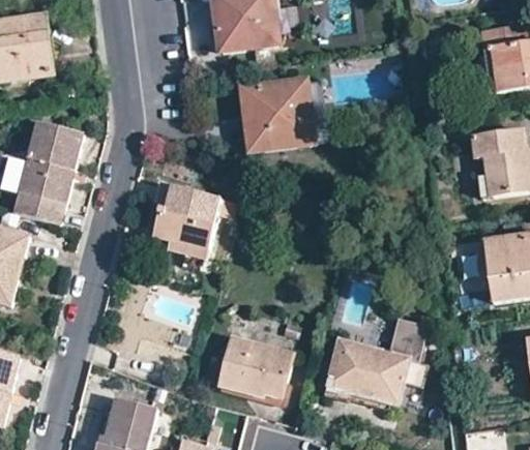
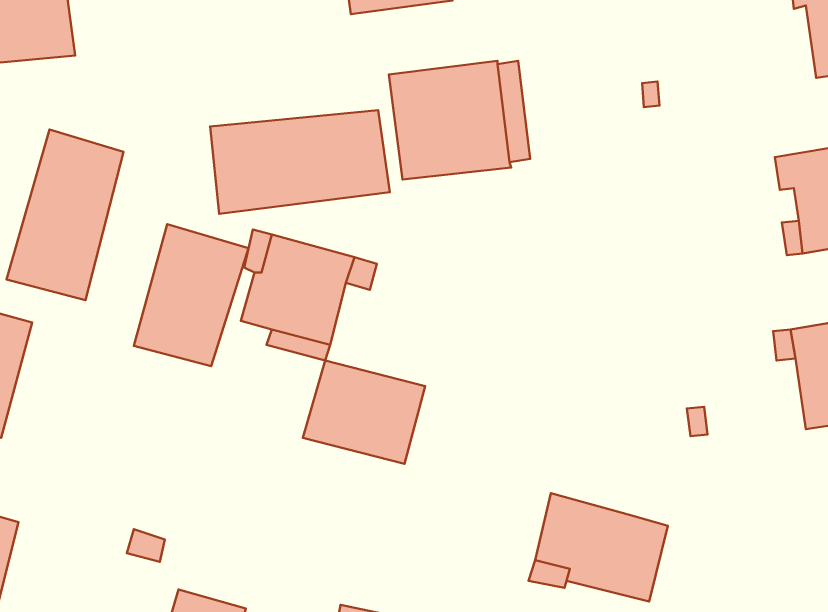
building: none -> [210,110,390,214]
building: none -> [134,224,248,366]
building: [387,327,424,360] -> none
building: [218,338,292,400] -> [303,360,425,464]

